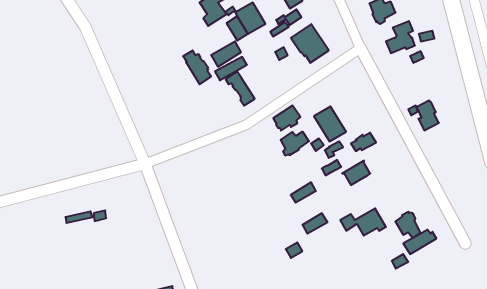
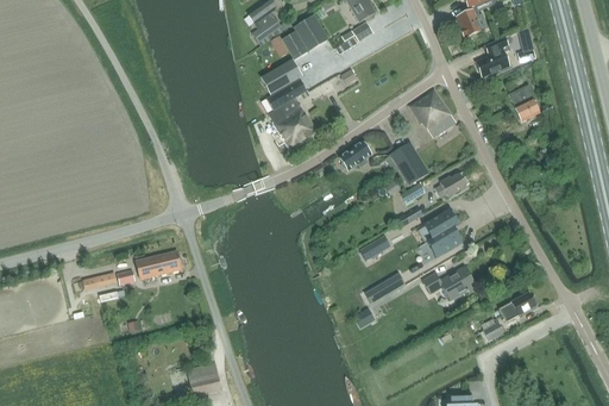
building: [291,24,329,63] -> [409,89,456,137]
building: [183,50,211,84] -> [269,108,303,150]
building: [417,100,439,130] -> [513,85,540,121]
building: [281,132,309,156] -> none
building: none -> [428,227,463,257]
building: none -> [138,250,183,277]
building: [395,212,421,238] -> none

